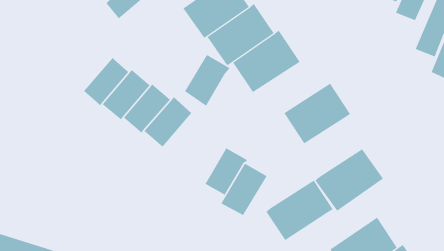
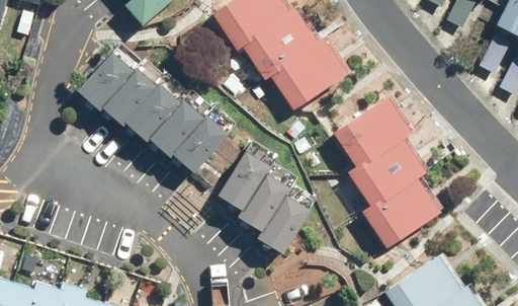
building: none -> [76,52,134,109]
building: [184,54,230,106] -> [218,150,270,210]
building: [265,180,334,241] -> [348,137,426,207]

